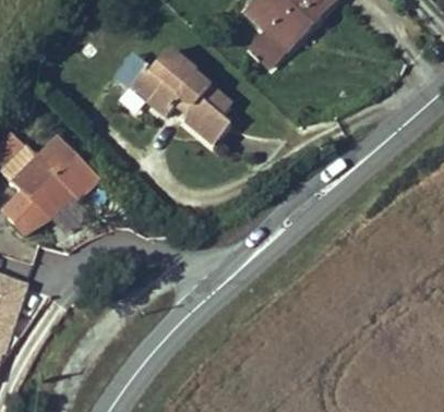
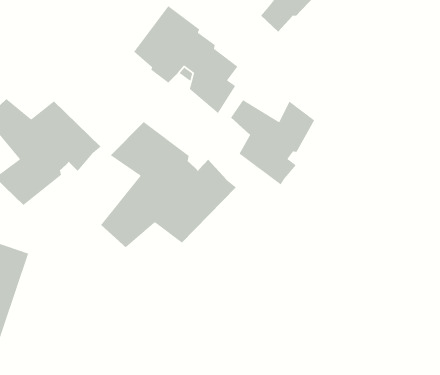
building: none -> [230,99,315,186]
building: none -> [100,121,237,248]

